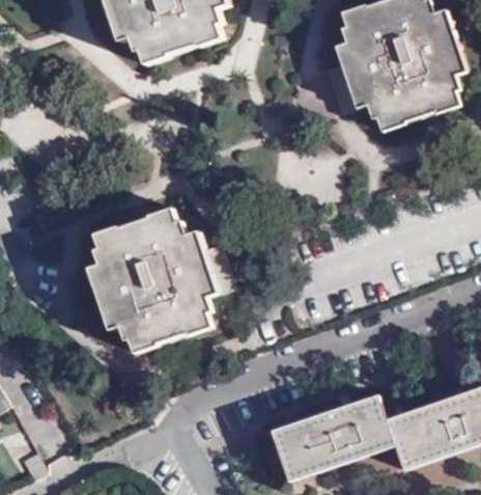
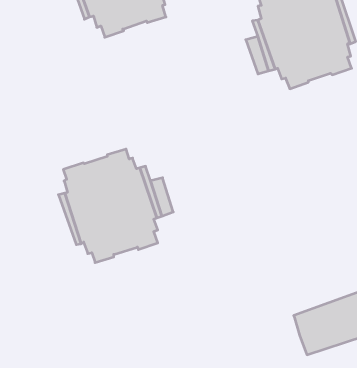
building: [271,395,392,482] -> none

